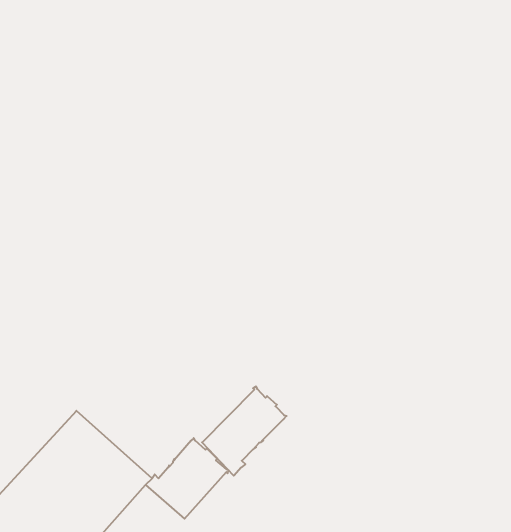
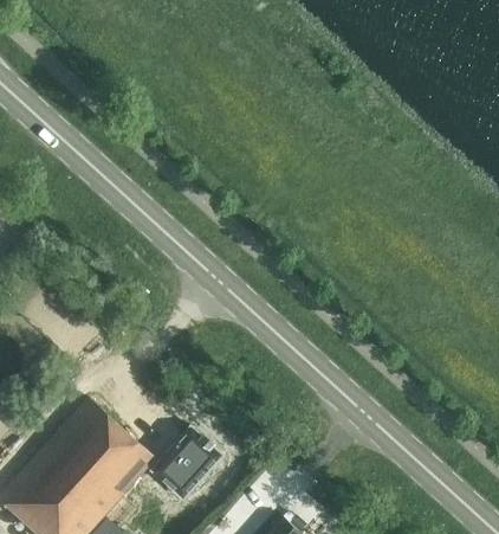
building: [202,386,287,476] -> none

